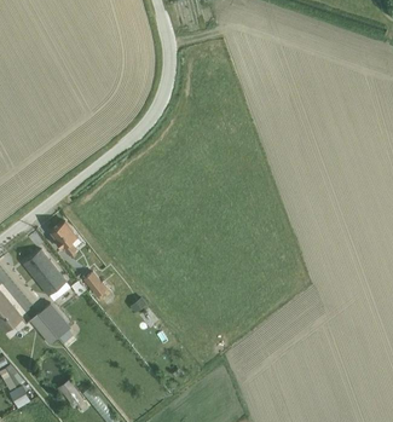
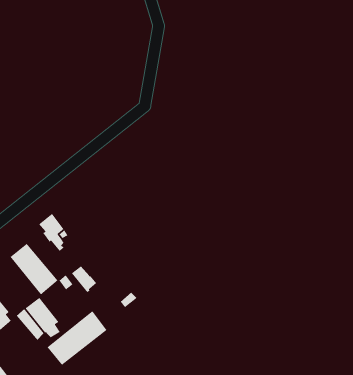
building: none -> [46,310,108,366]

